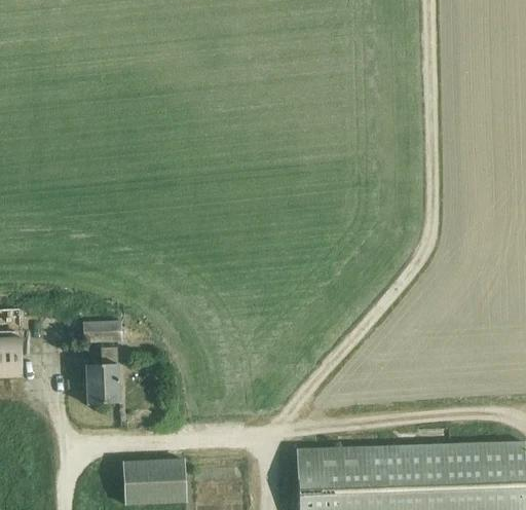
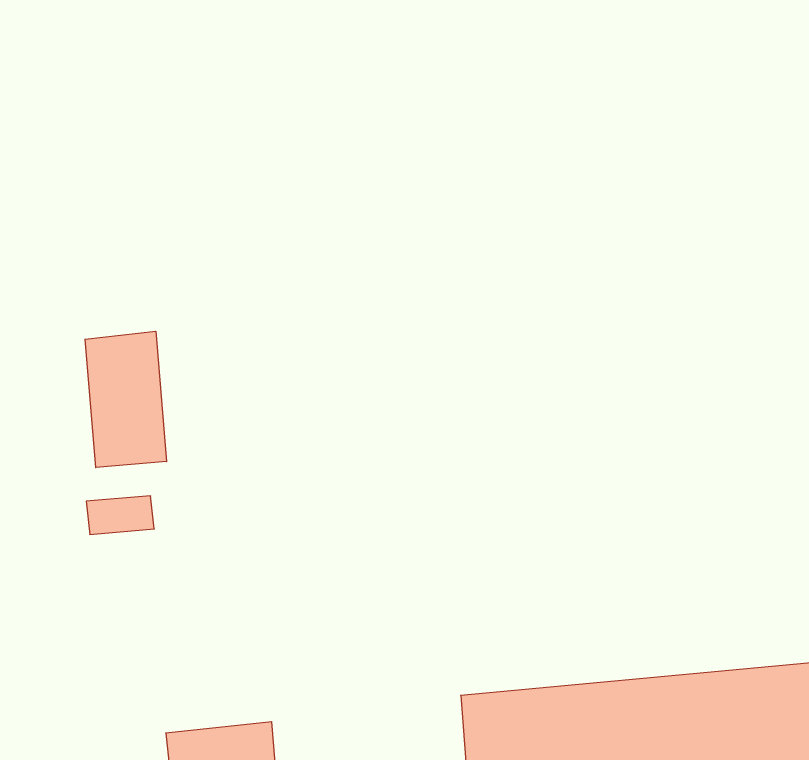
building: none -> [85,331,167,468]
building: [86,348,120,403] -> none

